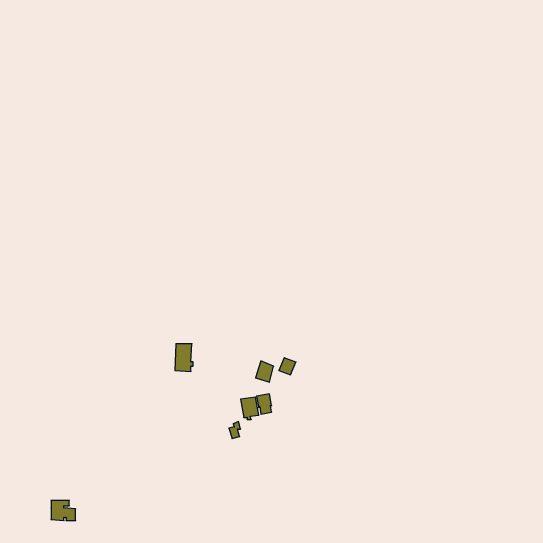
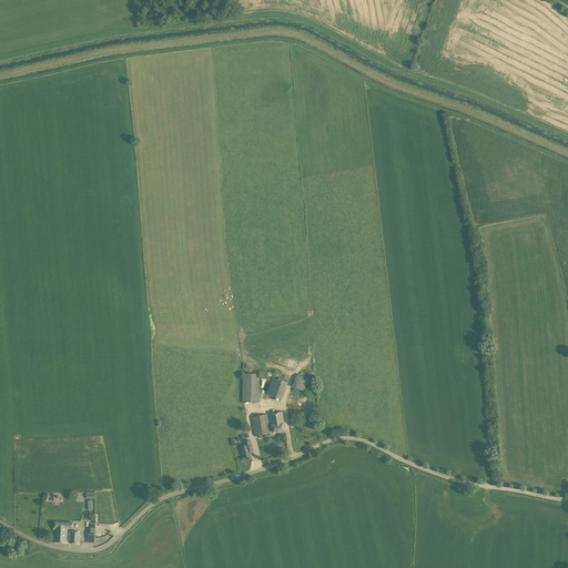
building: [175,344,193,371] -> [241,373,260,402]

